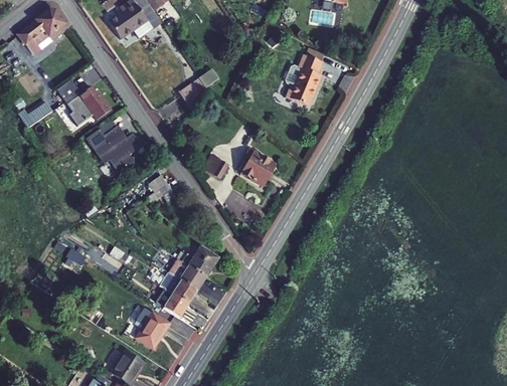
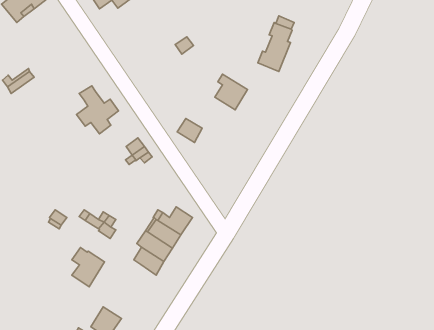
building: [180,76,207,110] -> none
building: [56,79,111,127] -> none
building: [241,148,276,185] -> [215,74,248,110]
building: [136,308,170,349] -> [72,247,105,287]

